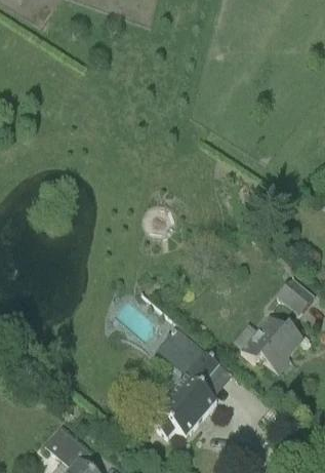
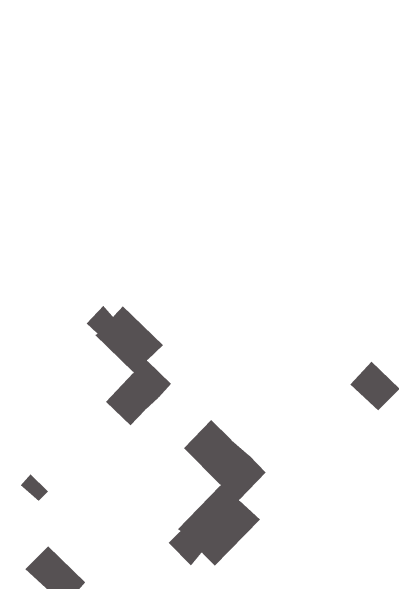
building: none -> [86,305,172,426]
building: [232,315,303,372] -> none

